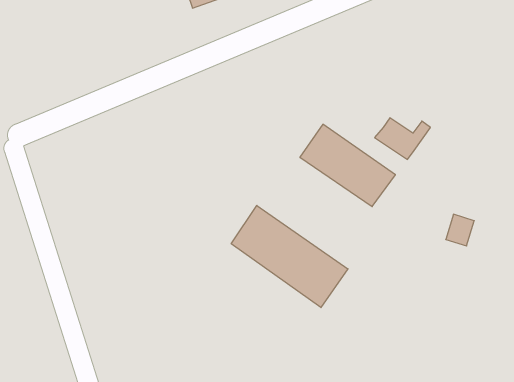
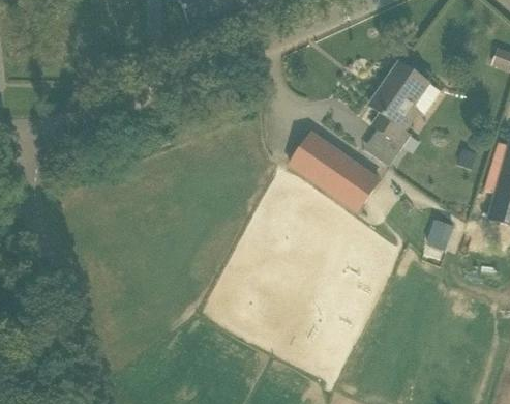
building: none -> [368,62,427,140]
building: [231,205,348,308] -> none

